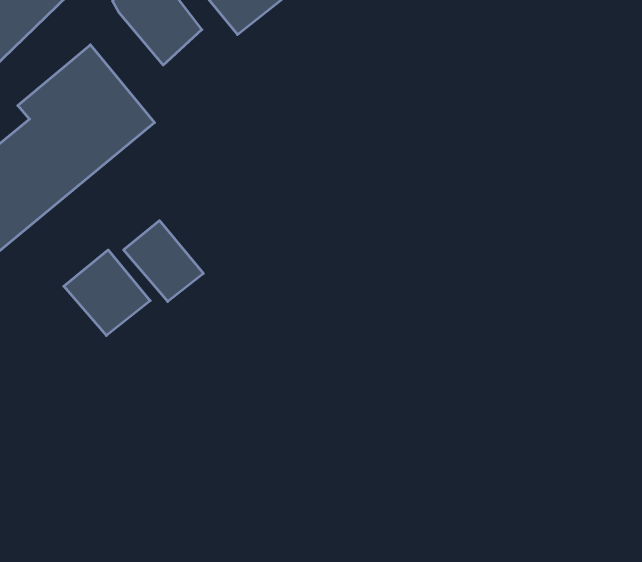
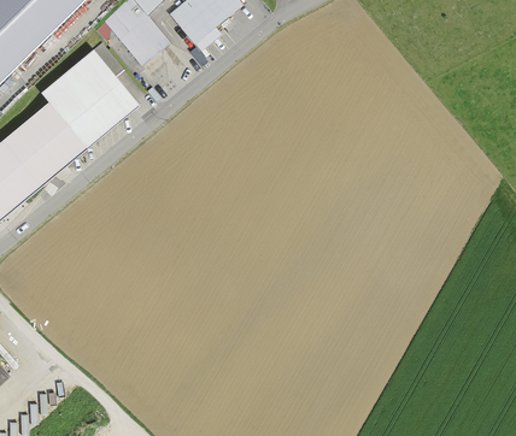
building: [124,221,203,302] -> none
building: [64,250,150,336] -> none

